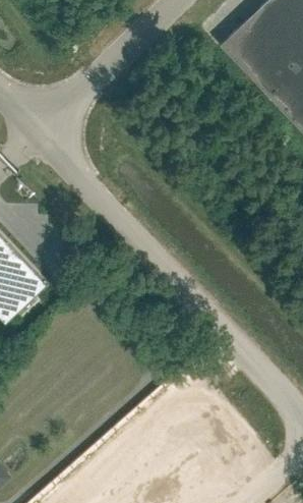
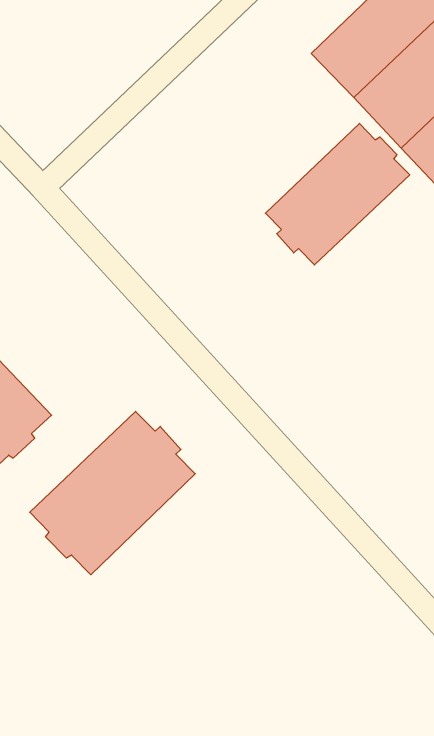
building: none -> [265,123,410,265]
building: none -> [30,411,195,575]

